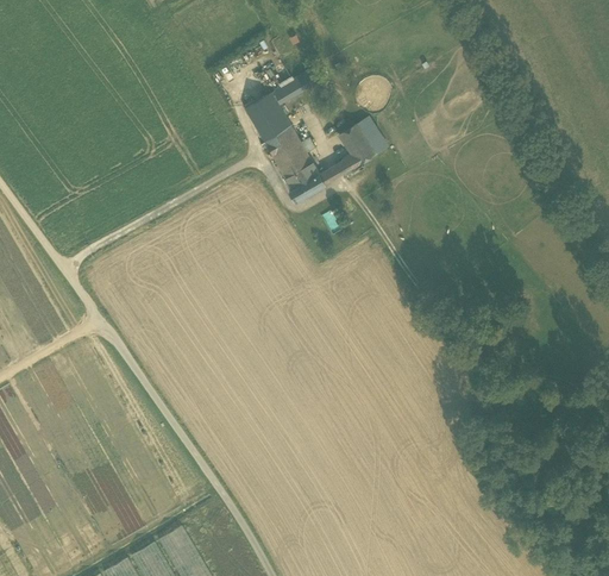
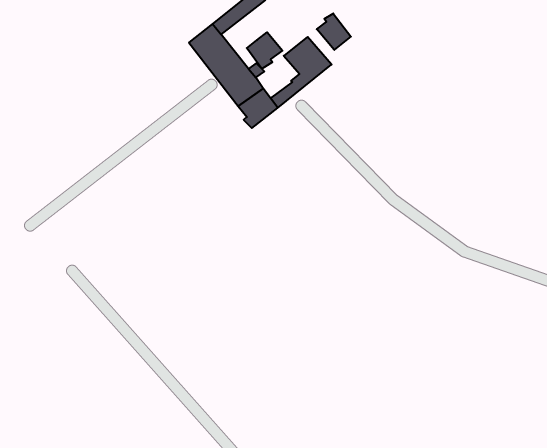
building: none -> [317,13,351,50]
building: none -> [247,32,282,69]

